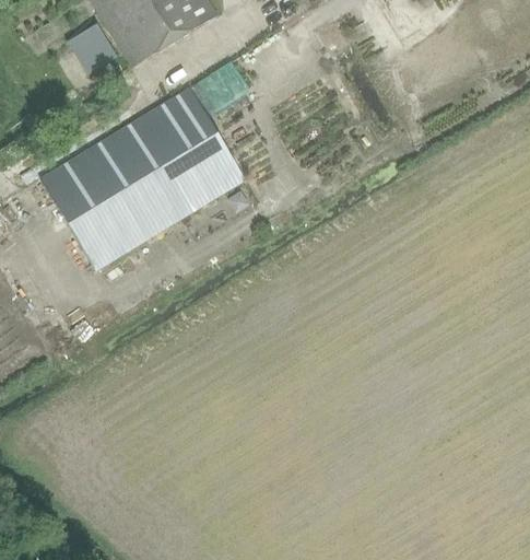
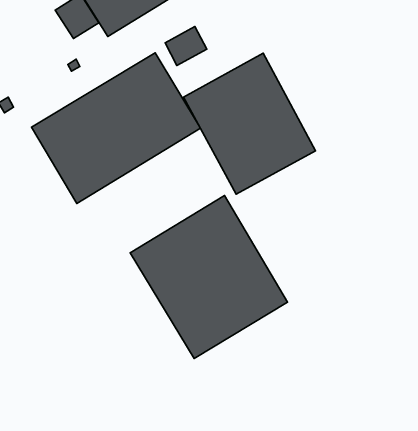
building: none -> [183,53,316,194]
building: none -> [130,195,288,358]

